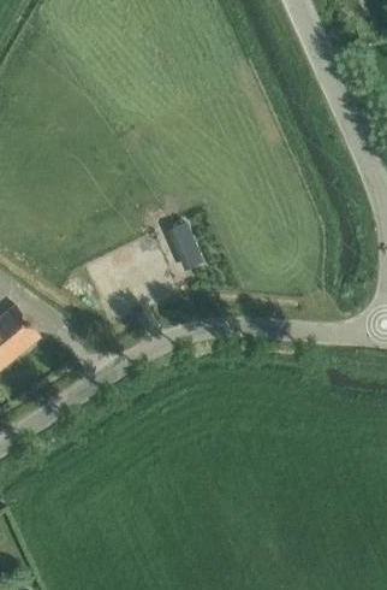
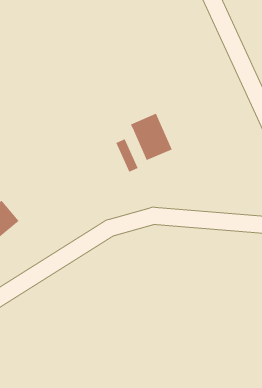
building: none -> [130,113,173,161]

